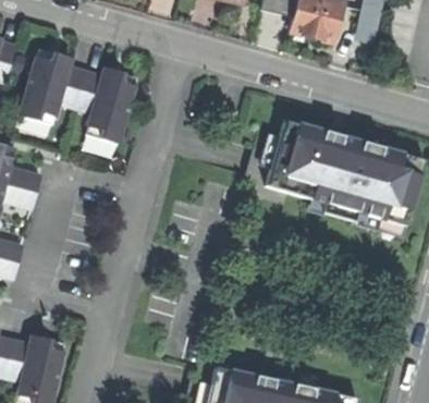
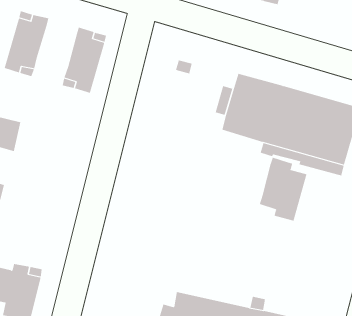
building: [60,66,103,112] -> none
building: none -> [259,157,307,221]

